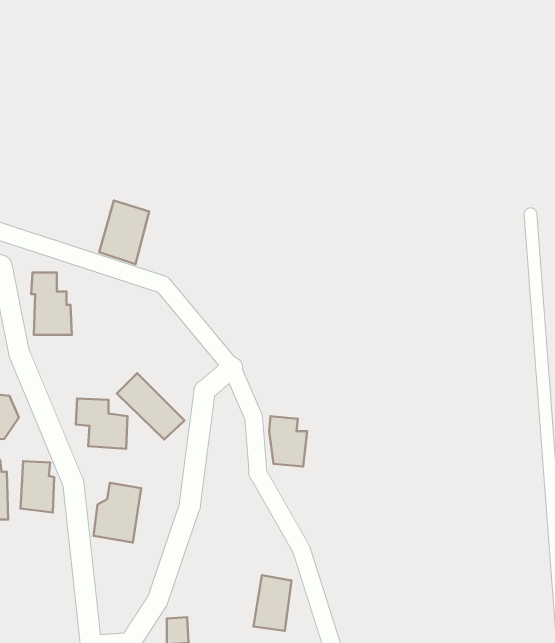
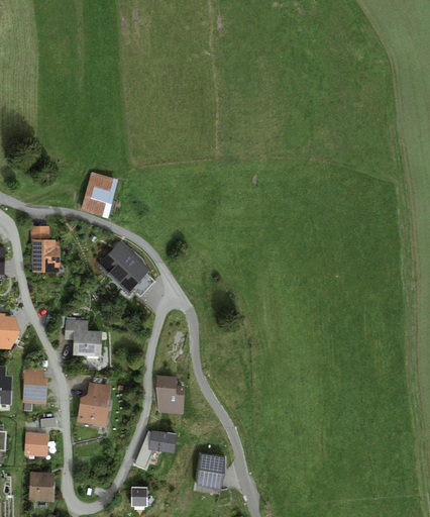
building: [117,373,185,440] -> [104,246,154,296]
building: [269,416,307,466] -> [155,377,184,414]
building: none -> [136,427,177,468]
building: none -> [24,431,48,453]
building: none -> [28,470,53,498]

